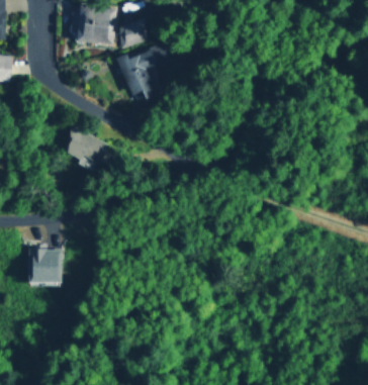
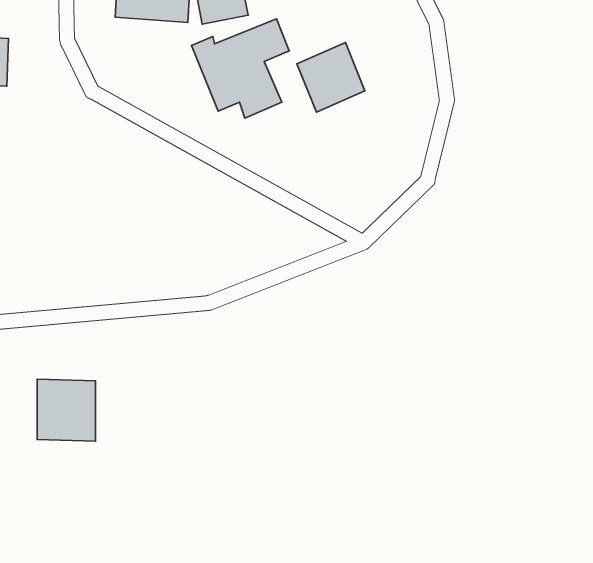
building: none -> [297,43,365,112]
building: [64,129,107,172] -> none

